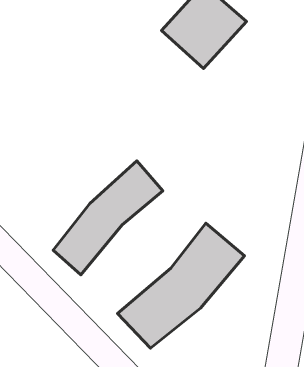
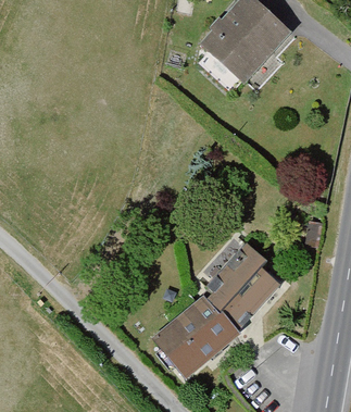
building: [53,161,163,275] -> none

